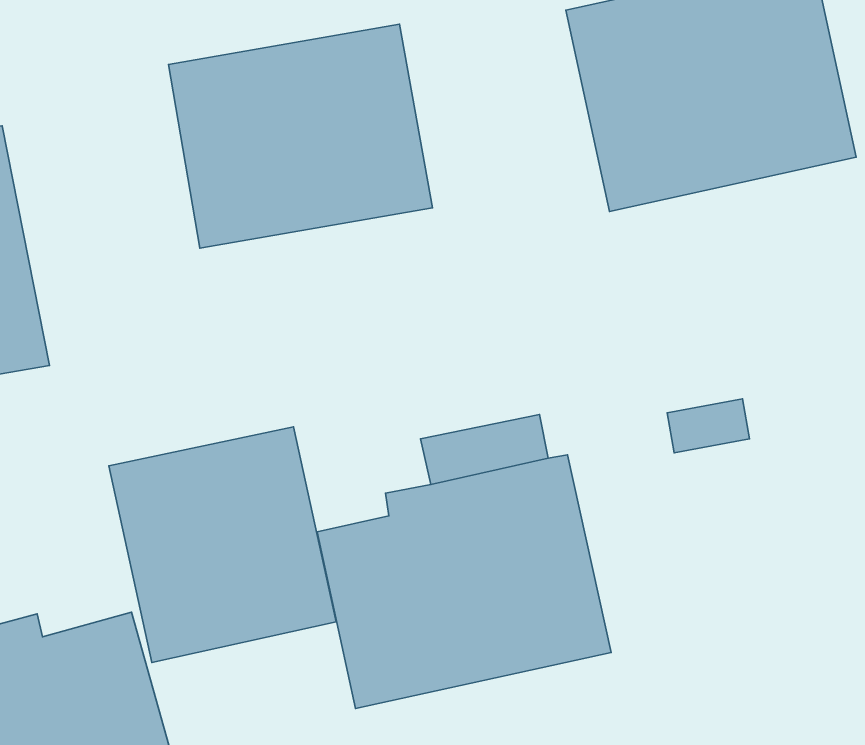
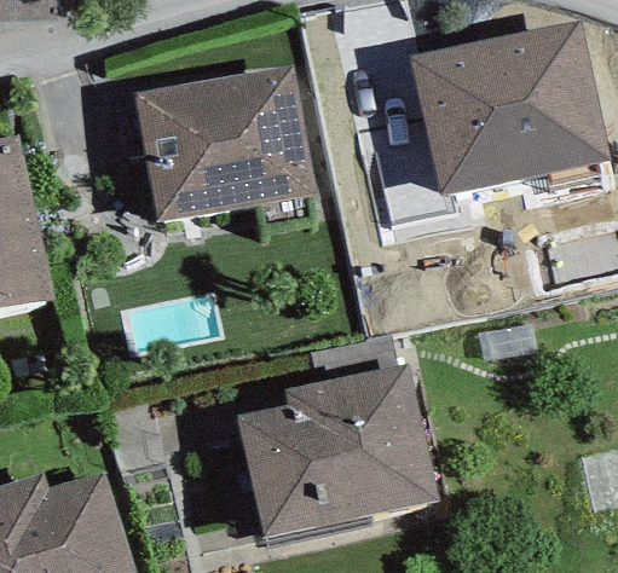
building: [109,427,336,662] -> none

